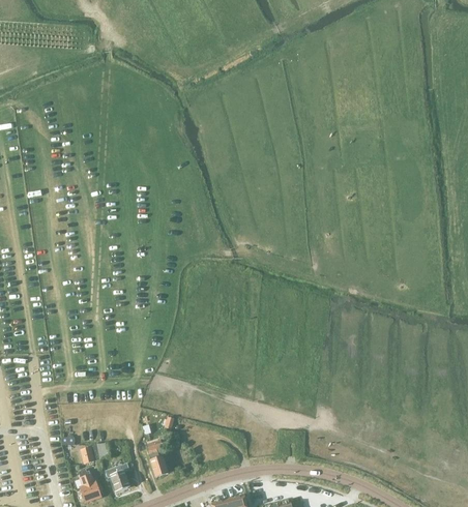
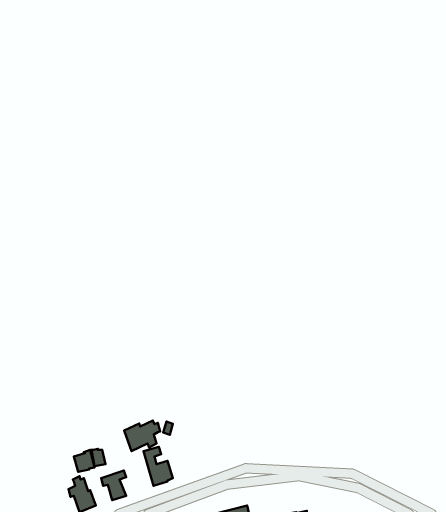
building: none -> [124,420,160,451]

